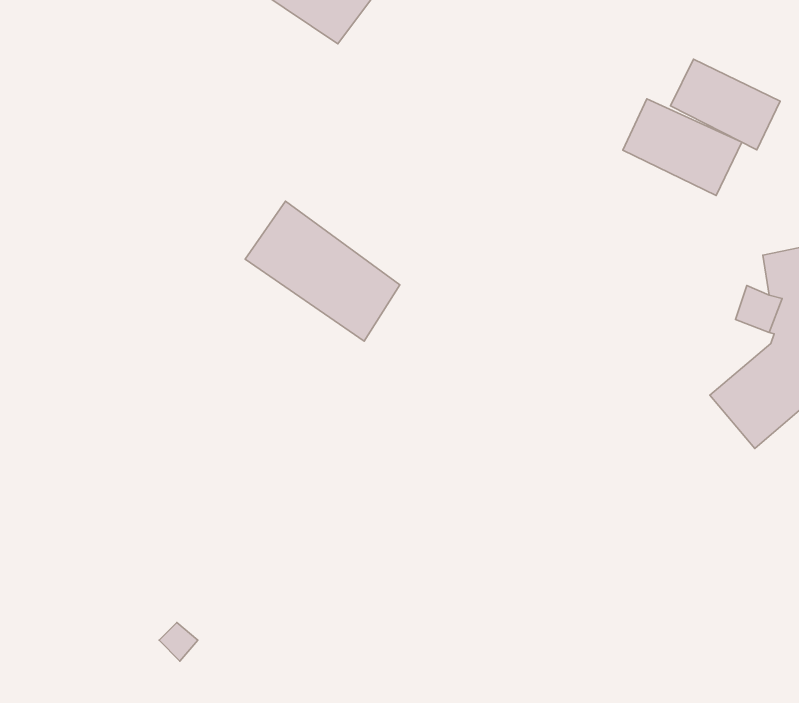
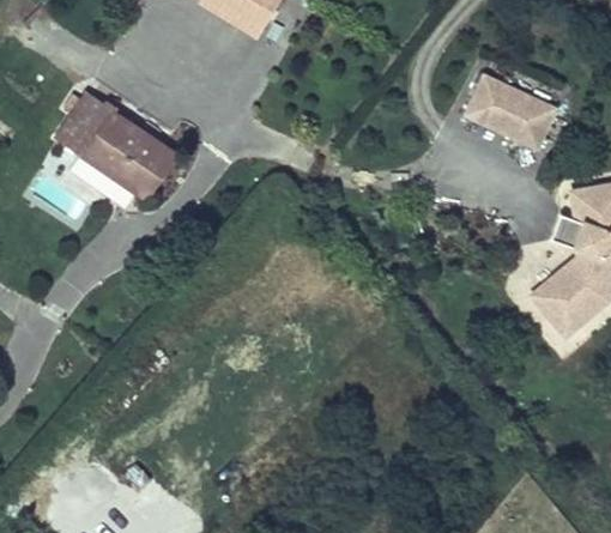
building: [670,59,780,150] -> none
building: [245,201,400,341] -> [58,92,173,196]

